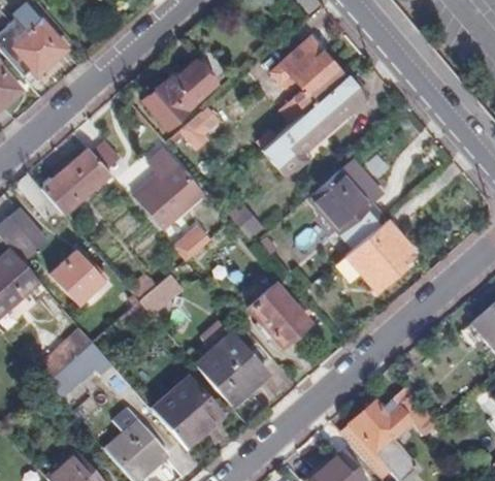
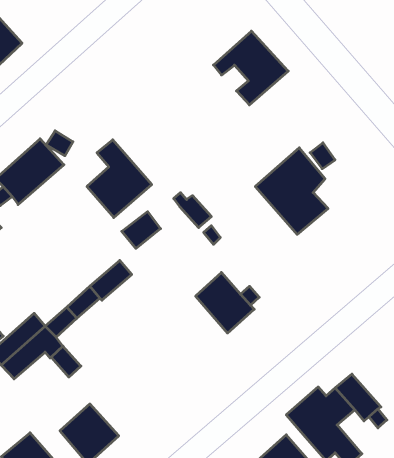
building: [142,61,213,126] -> none
building: [263,72,367,174] -> none
building: [177,103,224,148] -> none
building: [348,215,420,287] -> none
building: [51,251,107,302] -> none
building: [194,331,264,403] -> none
building: [155,381,217,443] -> none

